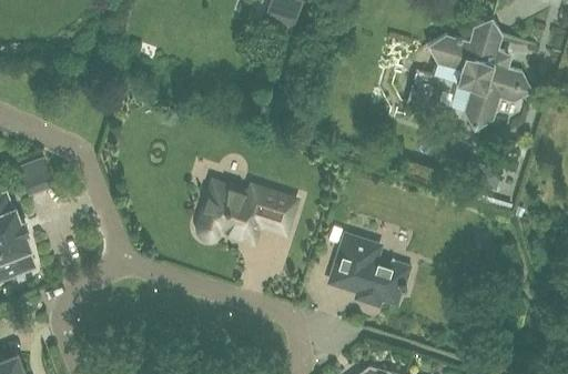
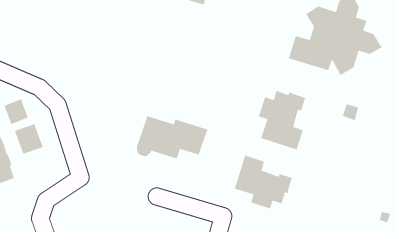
building: none -> [258,90,306,151]
building: none -> [14,123,44,155]

